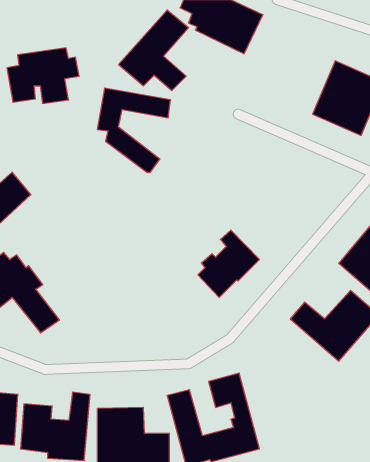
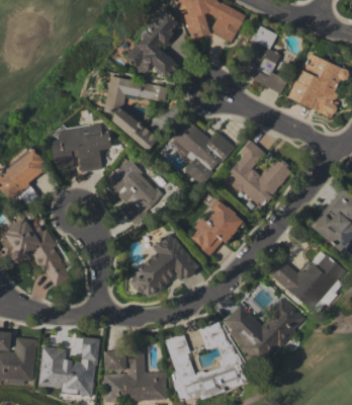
building: none -> [241,26,287,92]
building: [7,48,79,103] -> [50,124,111,171]
building: none -> [168,119,234,184]
building: none -> [225,139,292,208]
building: none -> [106,160,163,224]
building: none -> [127,232,199,300]
building: none -> [219,299,304,364]

